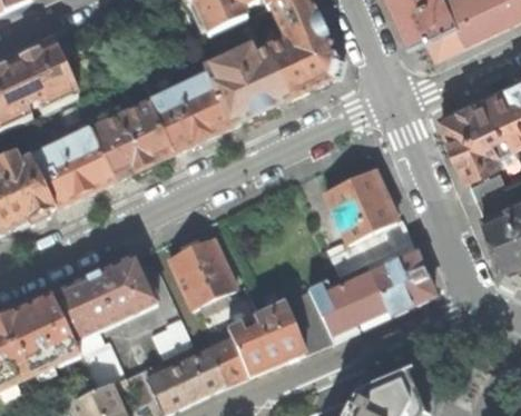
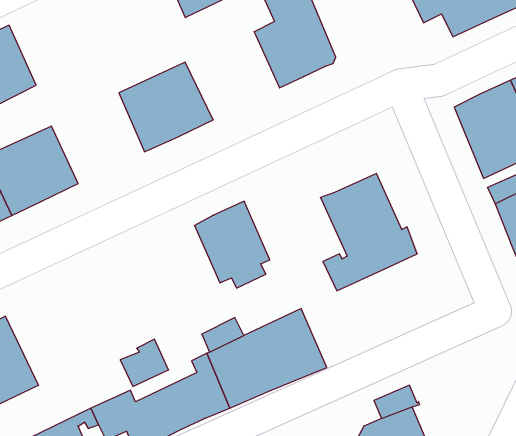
building: [204,46,289,125] -> none
building: [90,101,171,180] -> none
building: [169,238,235,314] -> [194,201,270,288]
building: [308,241,433,340] -> none
building: [50,256,156,388] -> none

